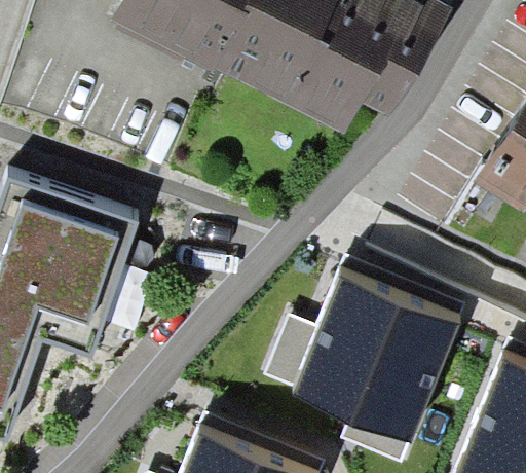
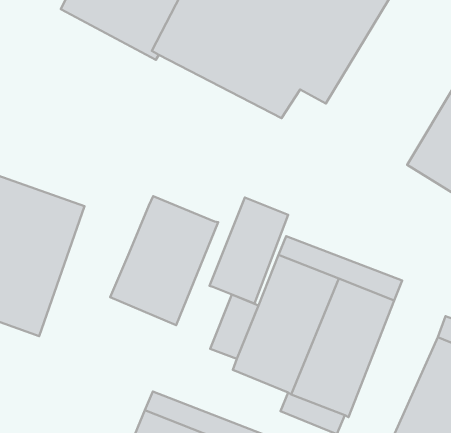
building: none -> [110,196,218,325]
building: none -> [210,198,288,303]

